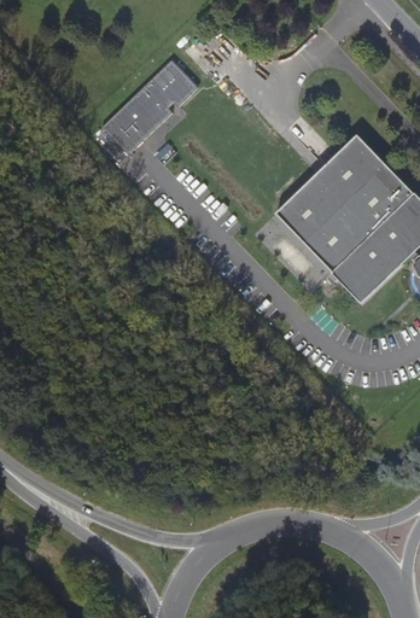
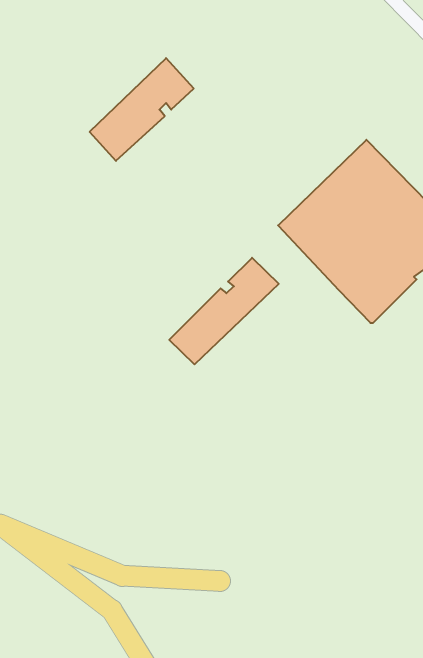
building: none -> [169,258,279,364]

